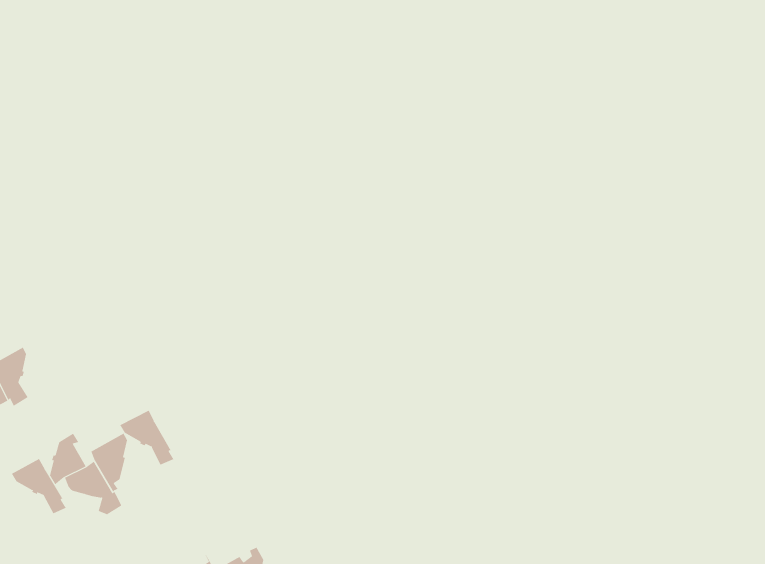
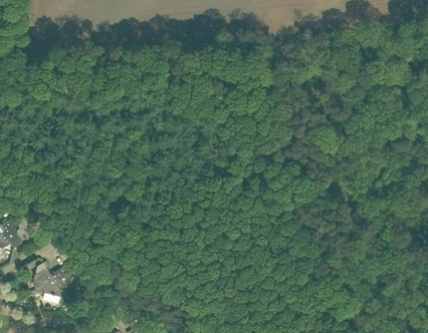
building: [119,410,174,466] -> none
building: [11,458,66,514] -> none

